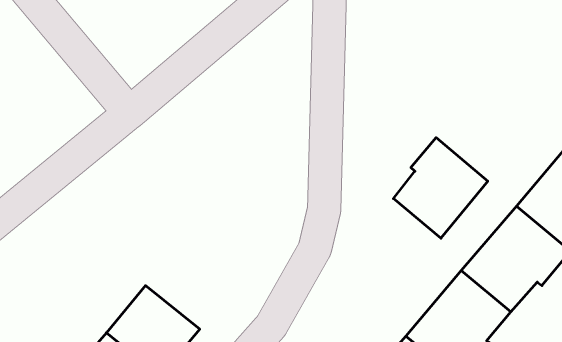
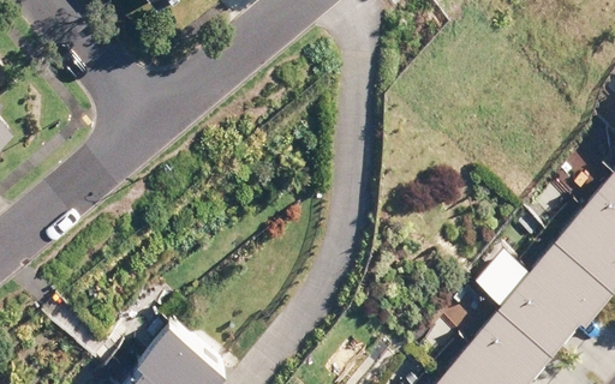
building: [393,138,488,238] -> none

